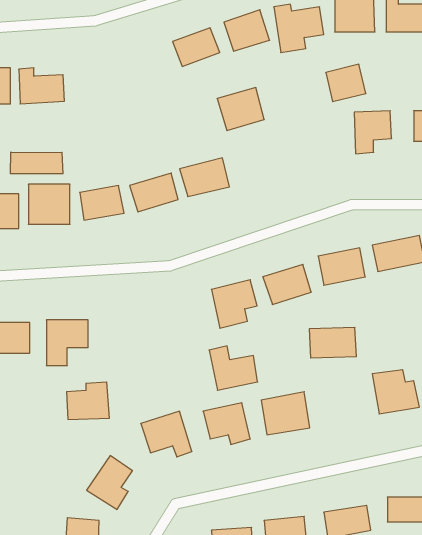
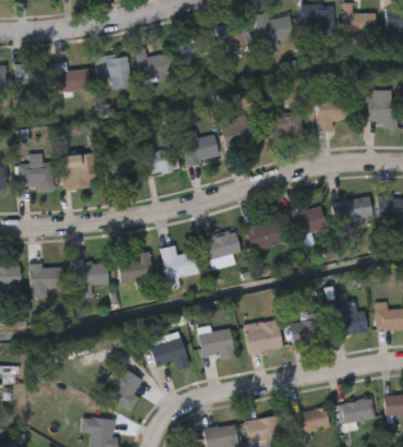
building: none -> [135,48,173,82]
building: none -> [96,55,131,86]
building: [326,64,366,102] -> [272,110,304,140]
building: [217,88,264,131] -> [221,117,258,150]
building: [10,152,63,174] -> none
building: [309,328,356,358] -> [289,318,326,342]
building: [209,346,258,390] -> [160,244,198,279]
building: [67,382,109,419] -> [119,252,152,281]

